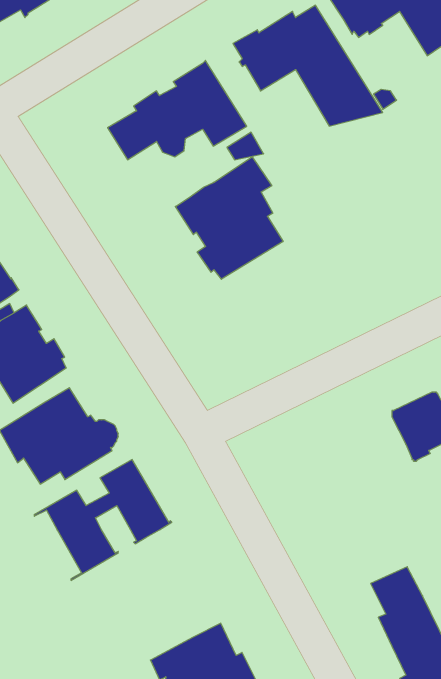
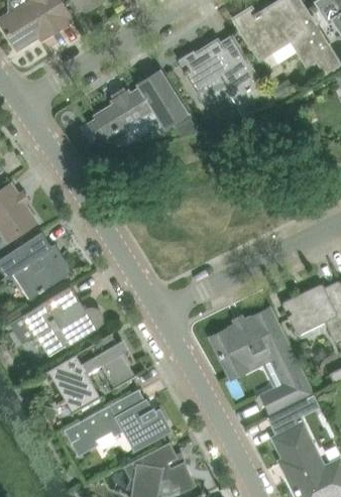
building: [175,157,283,279] -> none
building: none -> [211,309,310,412]
building: none -> [64,389,166,457]

